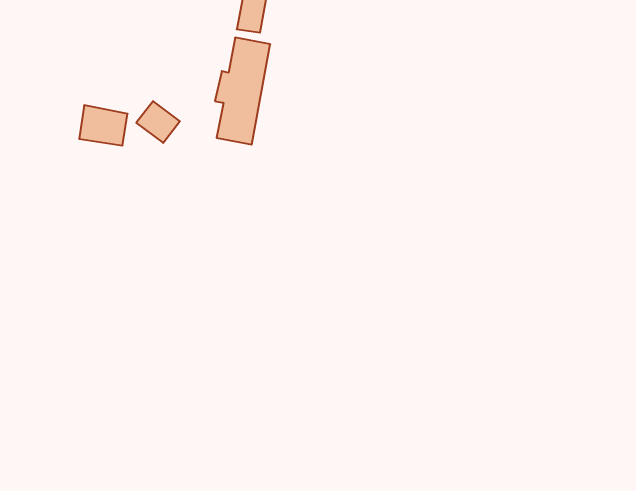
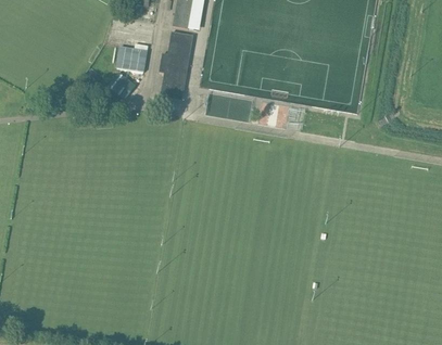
building: [79,105,128,145] -> [115,43,147,69]

